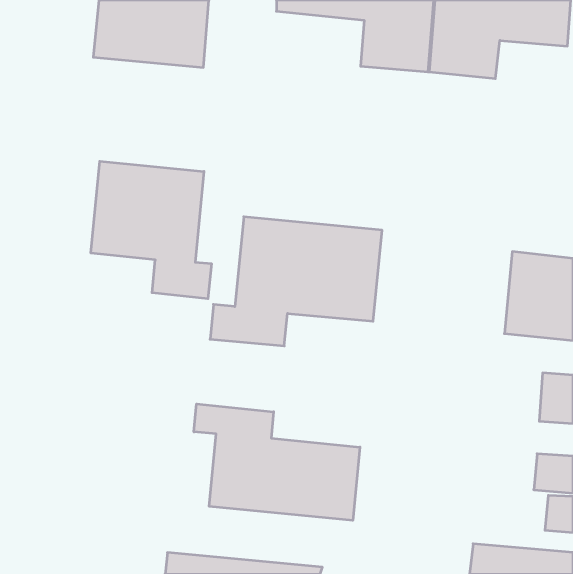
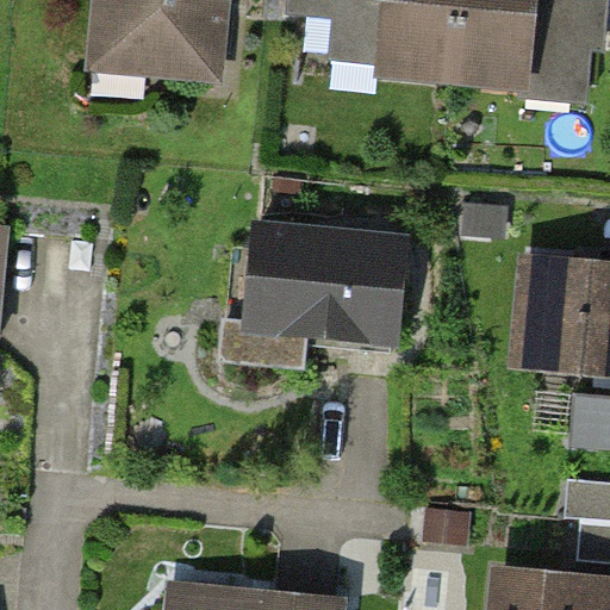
building: [91,161,211,299] -> none
building: [194,404,360,520] -> none

